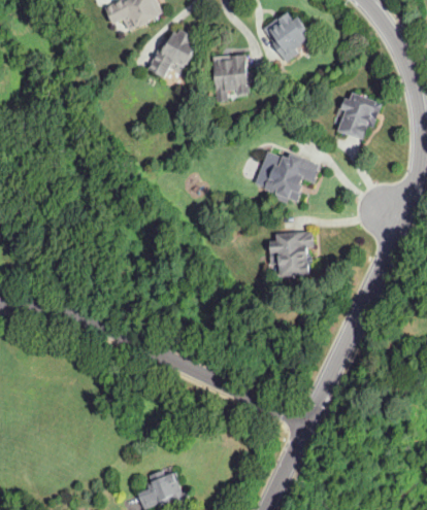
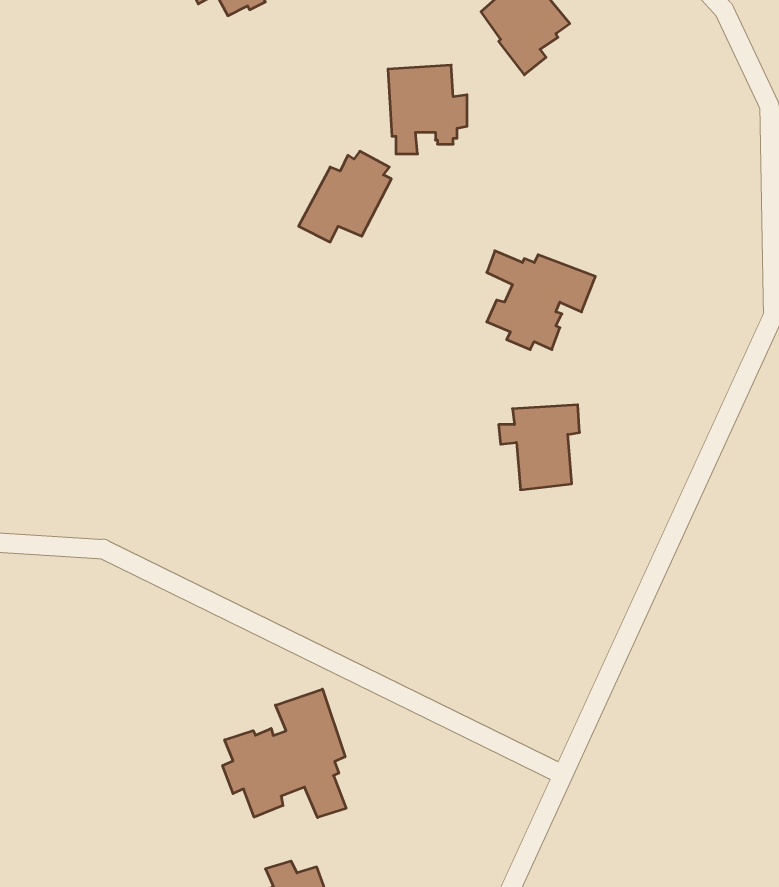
building: [149,29,197,76] -> [299,151,391,242]
building: [338,92,382,139] -> none
building: none -> [223,689,346,818]

